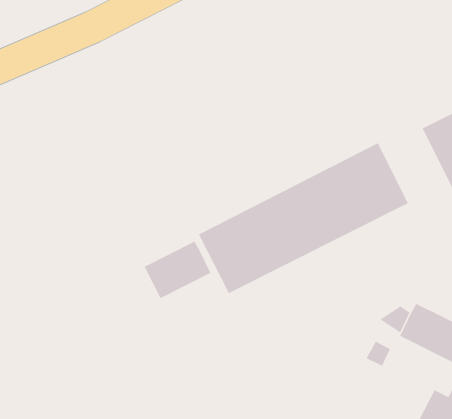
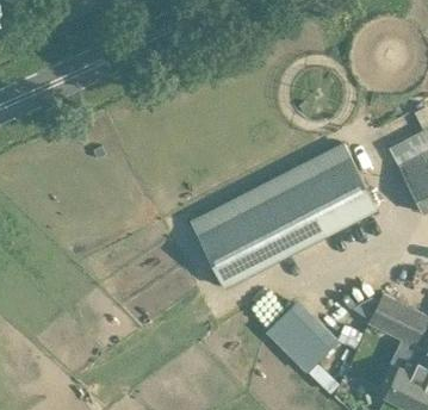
building: [143,240,211,299] -> none
building: none -> [267,303,334,369]

